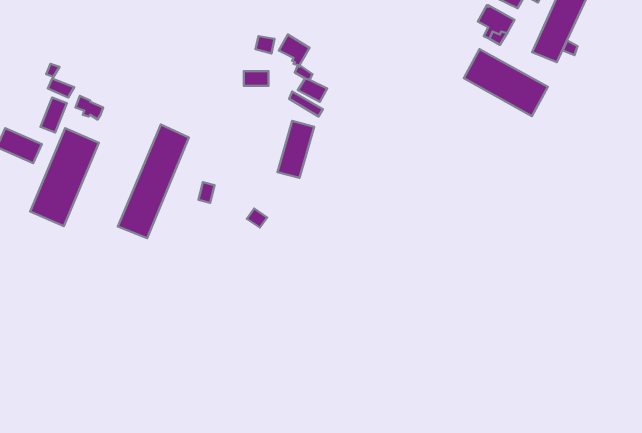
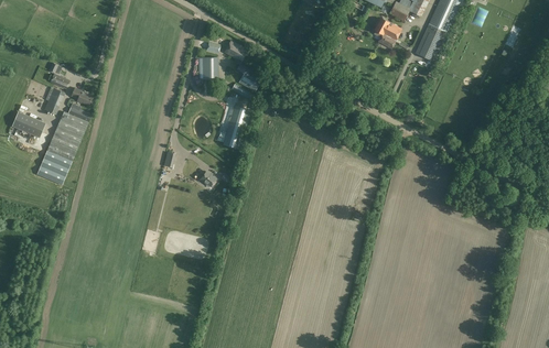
building: [464,49,548,116] -> none
building: [118,125,189,238] -> none

